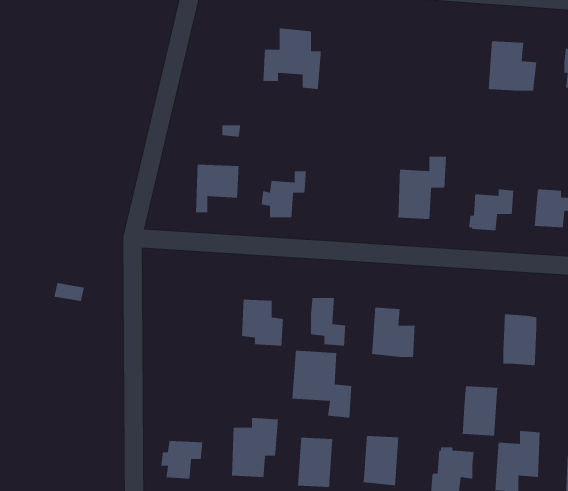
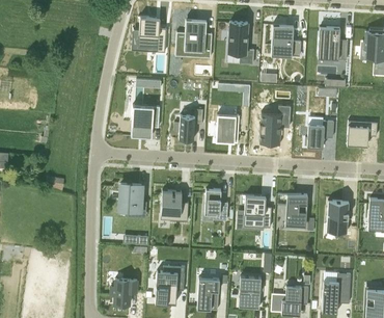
building: none -> [137,16,166,49]
building: none -> [227,22,253,65]
building: none -> [268,25,300,57]
building: none -> [215,115,239,143]
building: none -> [119,185,141,211]
building: [291,350,352,418] -> none
building: [462,386,498,436] -> [284,194,307,227]

